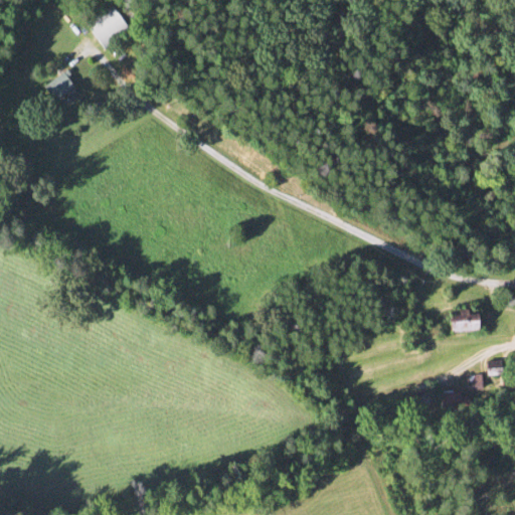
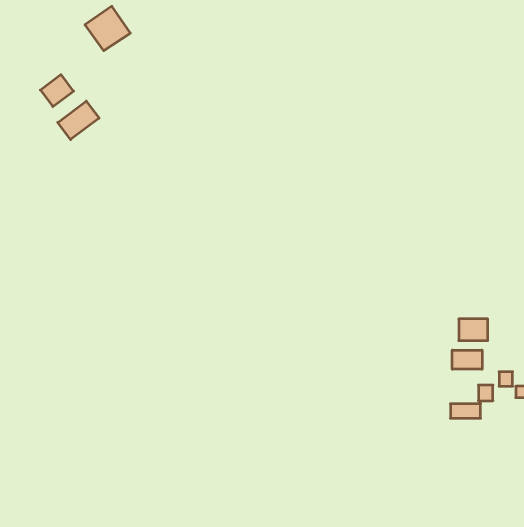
building: none -> [58,101,99,140]
building: none -> [452,350,482,369]

